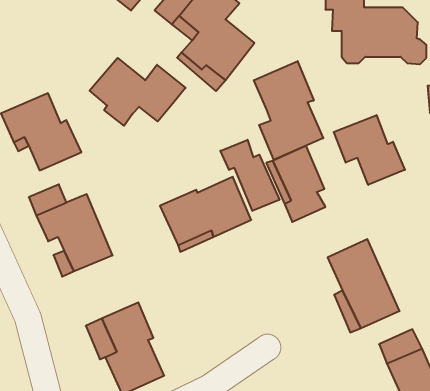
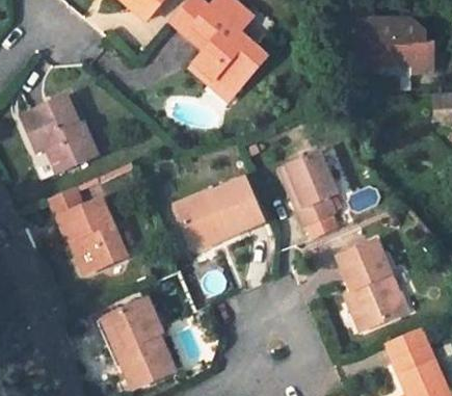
building: [90,58,186,126] -> none
building: [254,61,323,160] -> none
building: [334,115,405,185] -> none
building: [220,140,279,211] -> none

